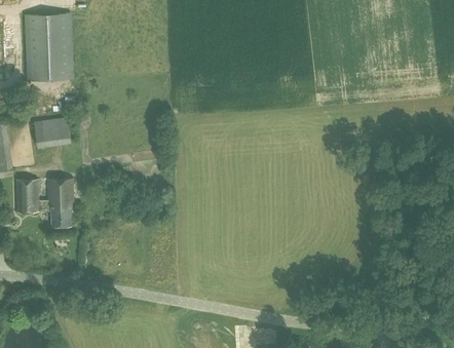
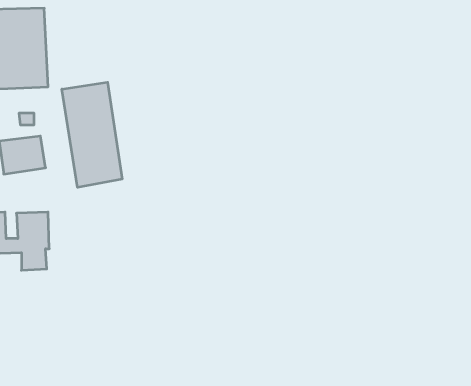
building: none -> [62,82,122,187]

